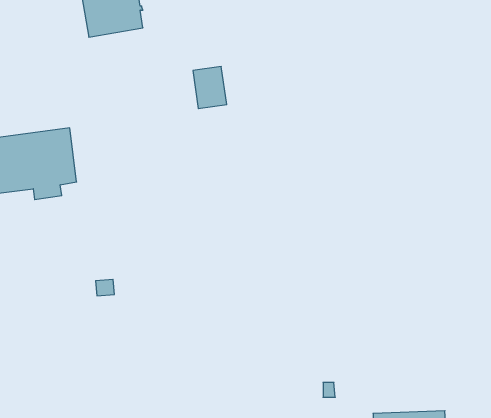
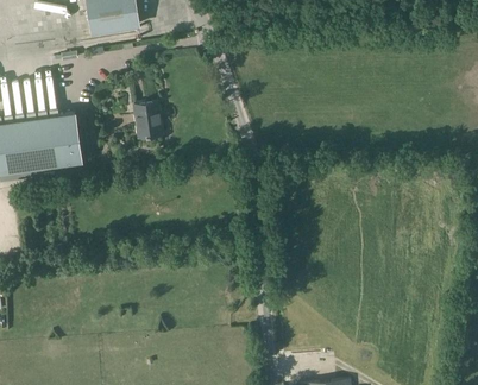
building: [193,67,227,109] -> [128,102,158,139]

